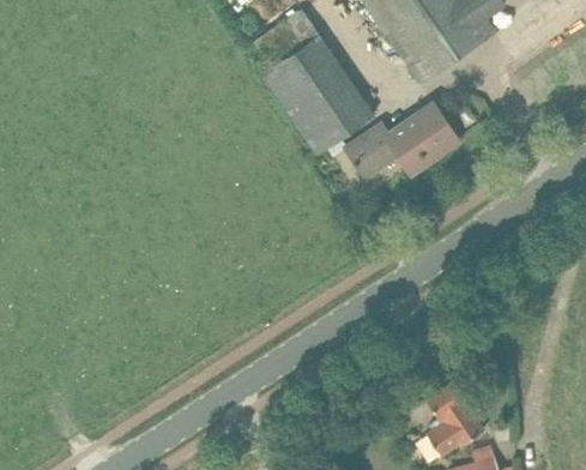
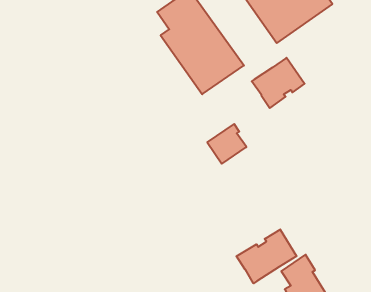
building: [344,122,398,177] -> [207,124,246,164]
building: none -> [236,229,297,283]

